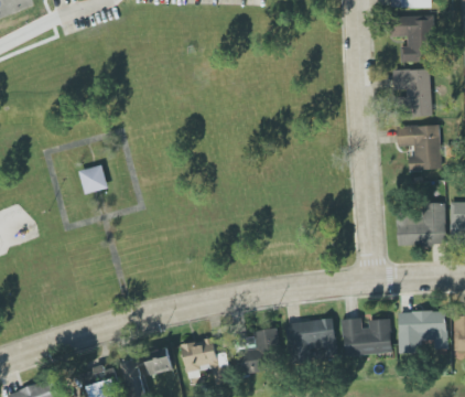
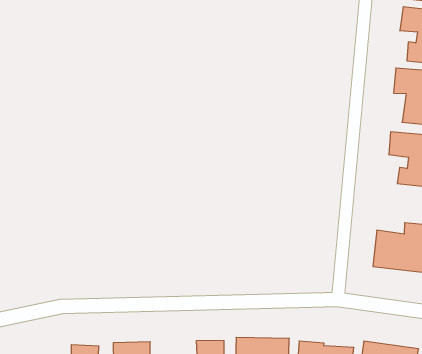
building: [78,164,107,193] -> none

